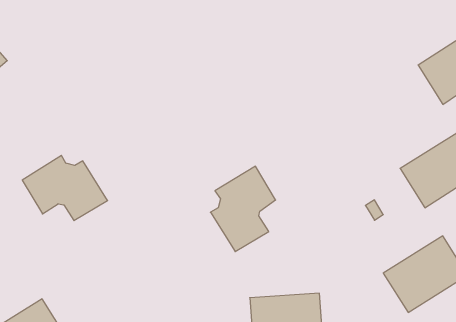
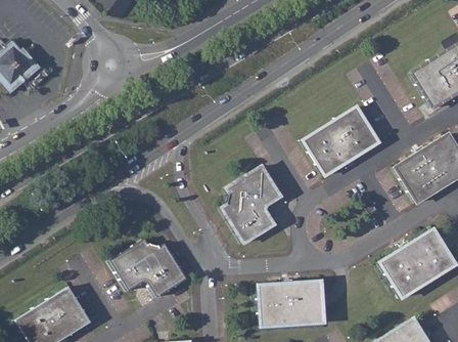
building: none -> [304,105,380,176]
building: [22,155,108,221] -> [110,238,188,297]

